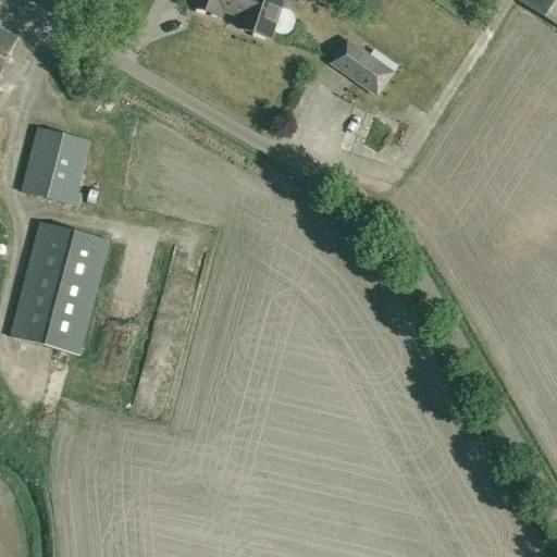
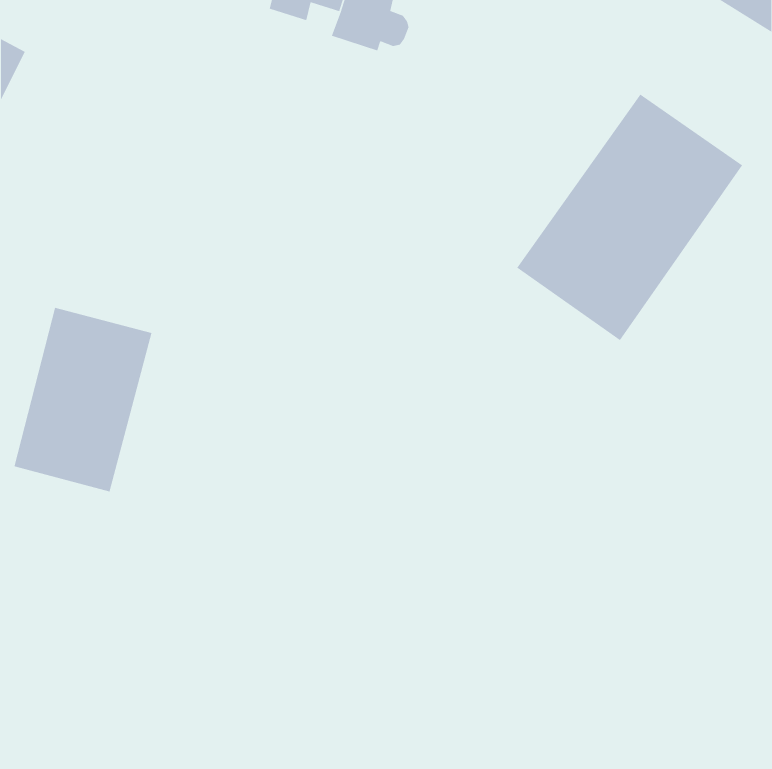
building: [333,41,392,94] -> none
building: none -> [516,93,743,341]
building: [21,126,89,205] -> none

